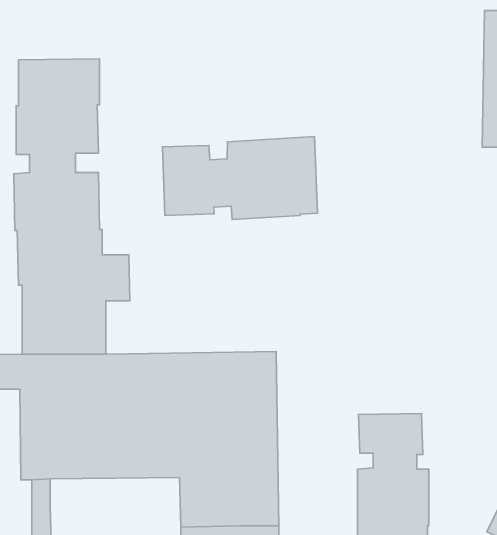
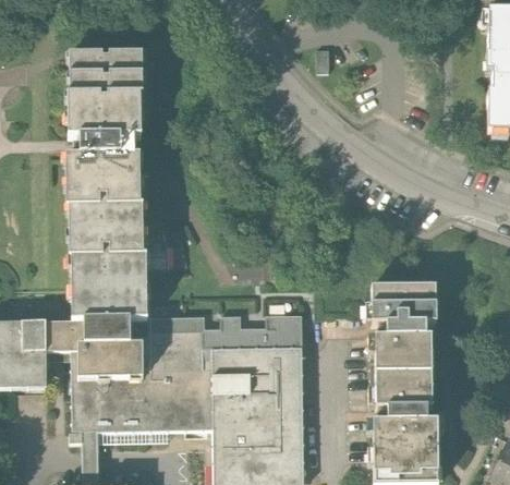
building: [162,137,318,219] -> none
building: none -> [372,289,436,374]

